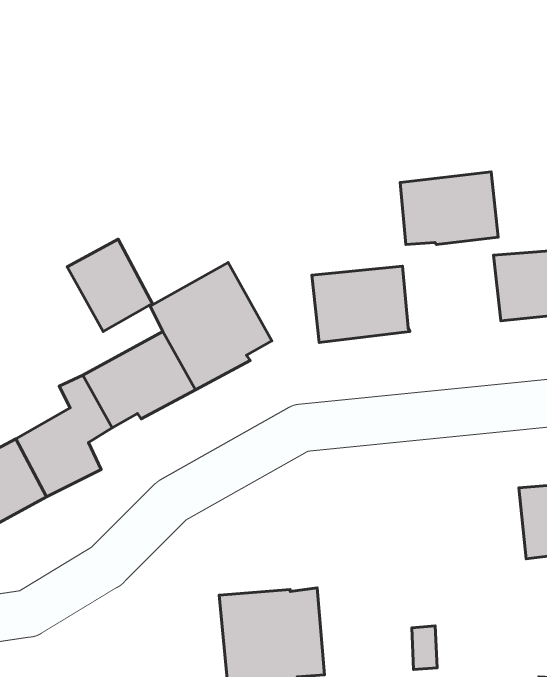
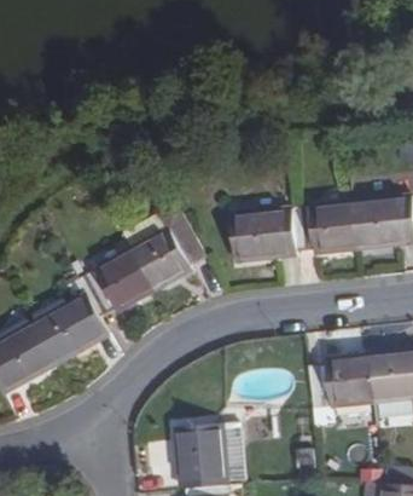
building: [400,172,498,244] -> [293,201,359,249]
building: [67,239,153,332] -> none
building: none -> [310,356,376,410]

